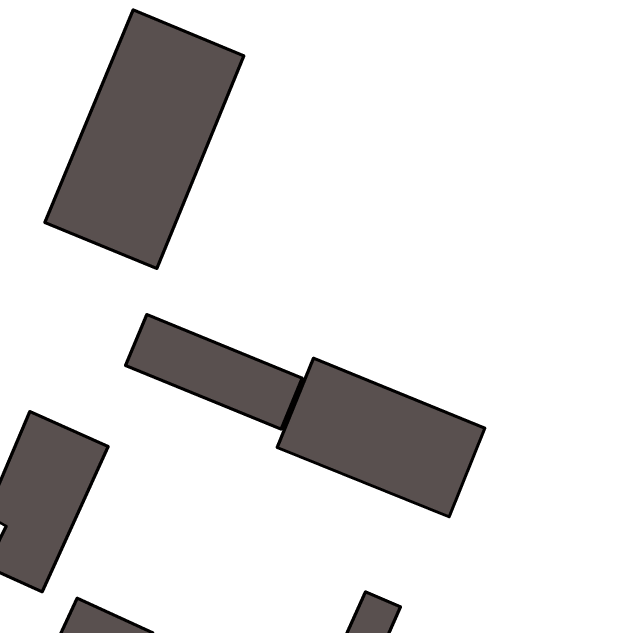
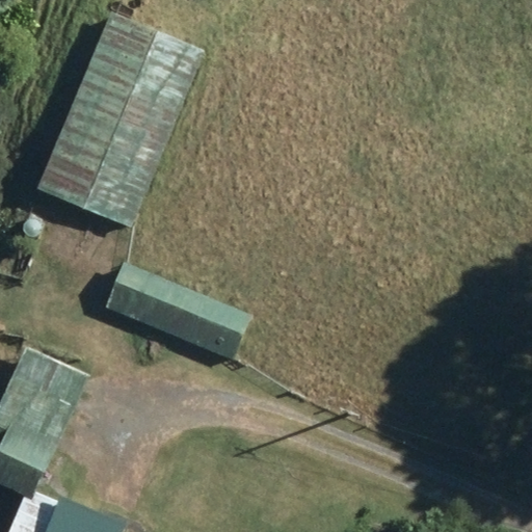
building: [277,358,485,517] -> none

